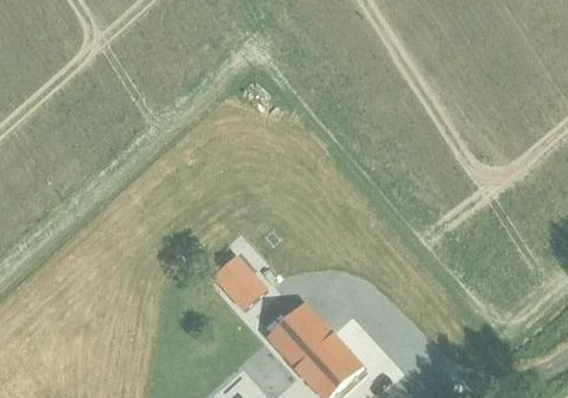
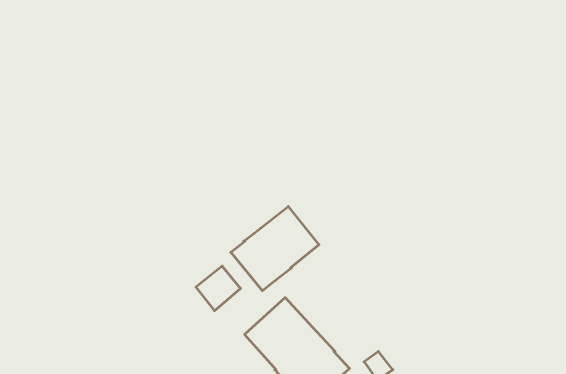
building: none -> [231,206,319,291]

